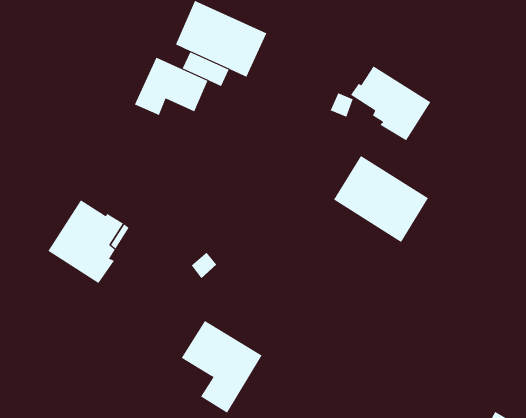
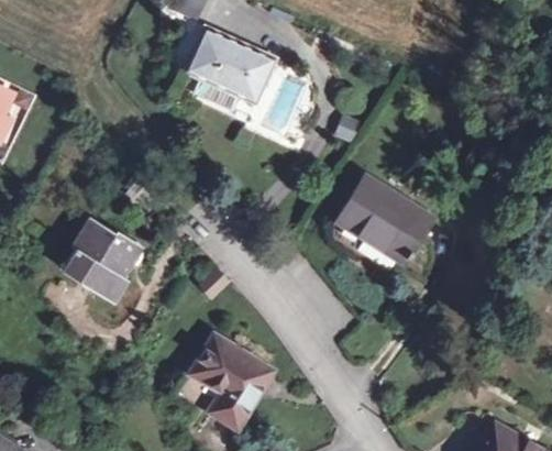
building: [134,57,208,116] -> none
building: [350,65,431,141] -> none

